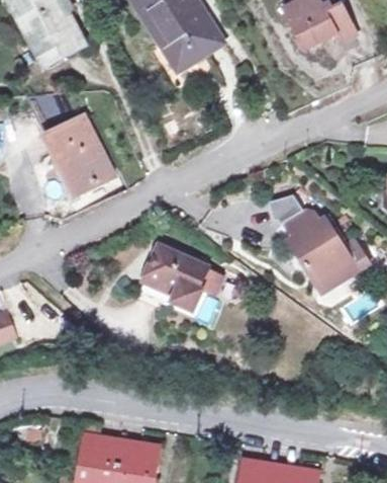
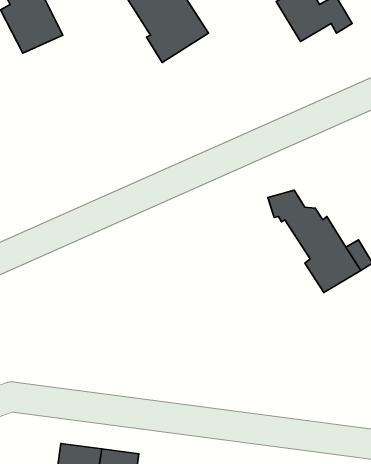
building: [23,96,108,196] -> none
building: [154,252,216,317] -> none

